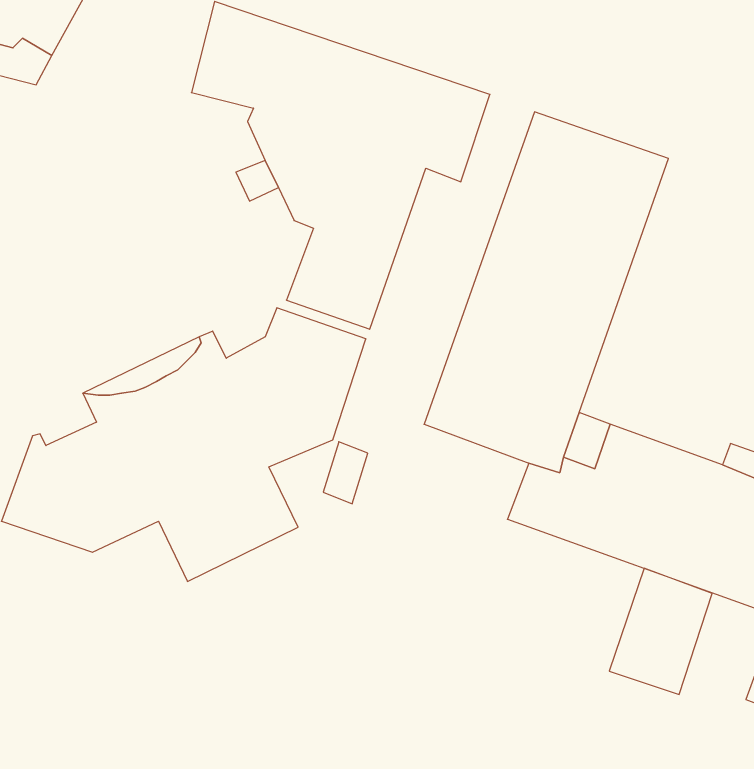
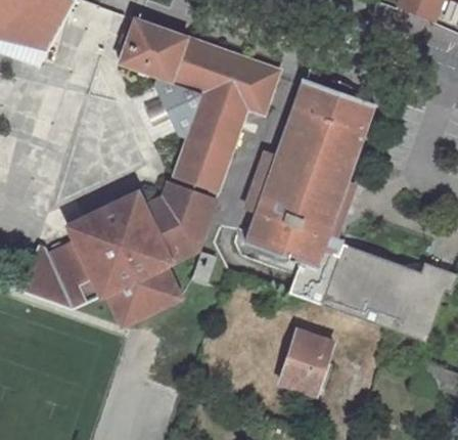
building: [609,568,712,694] -> [279,327,333,394]

